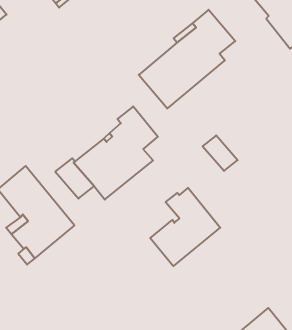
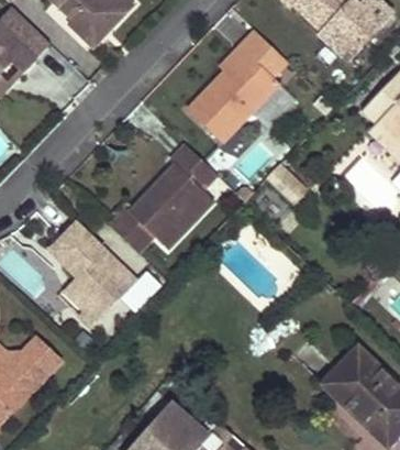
building: [150,188,220,266] -> none

